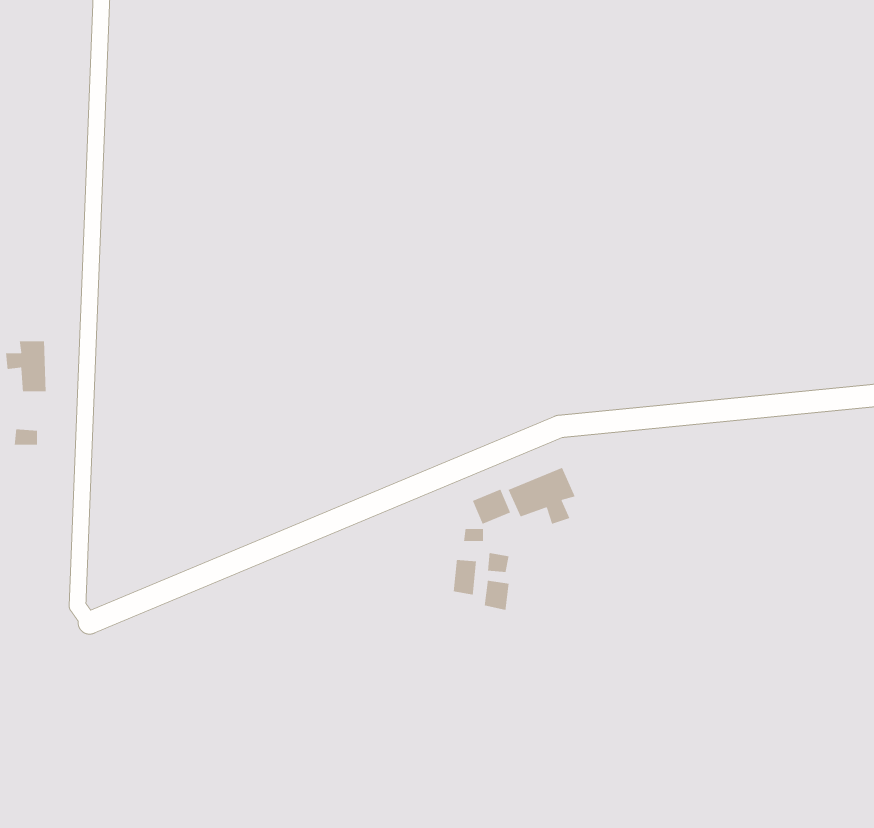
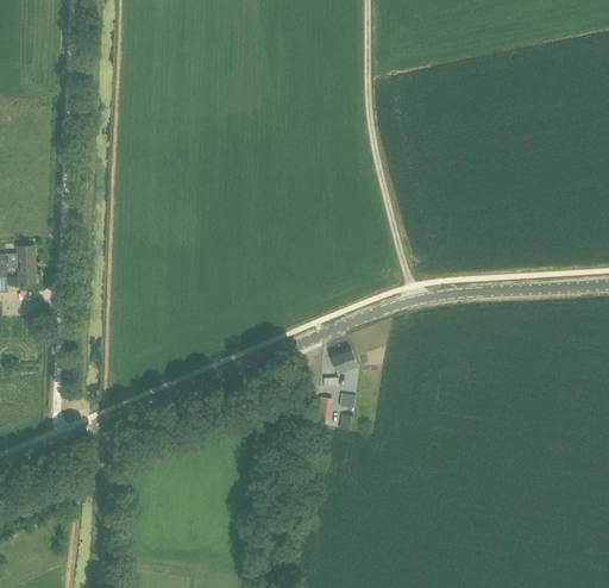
building: [508,467,576,525] -> none

